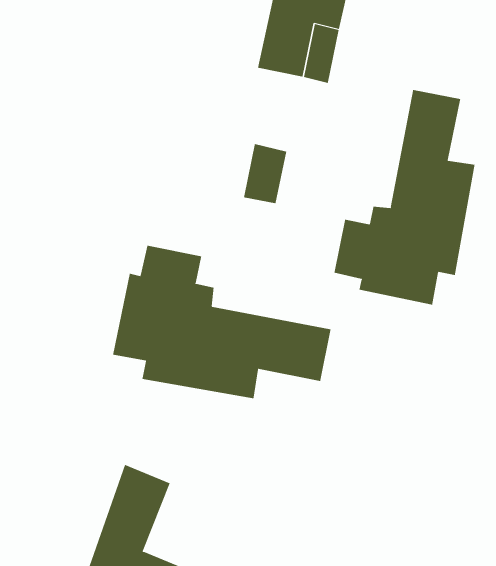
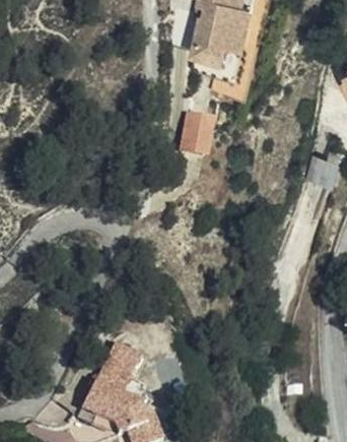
building: [334,89,475,305] -> none
building: [112,245,331,399] -> none

